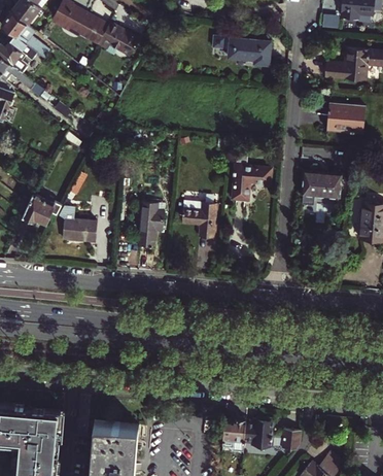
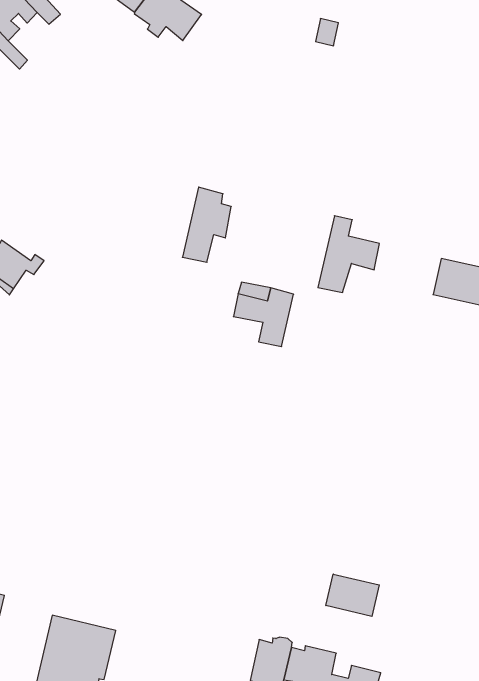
building: [229,37,271,65] -> none
building: [138,201,164,246] -> [182,187,231,262]
building: [58,208,97,241] -> none
building: none -> [326,574,379,616]

